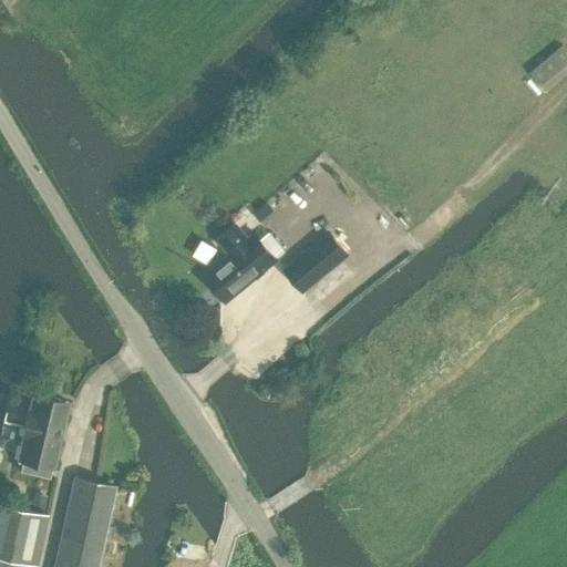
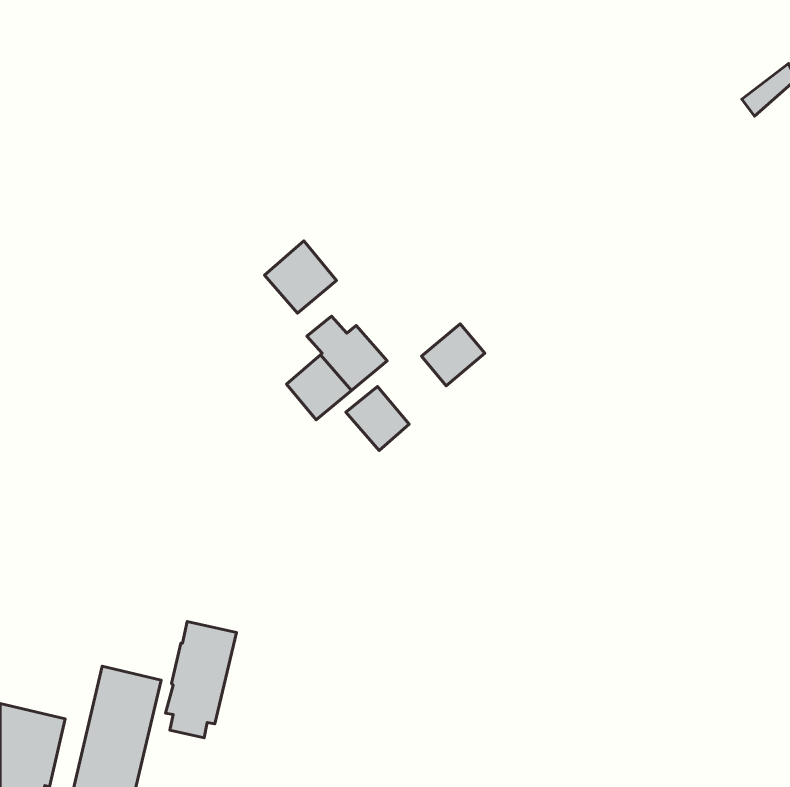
building: none -> [264,241,336,313]
building: none -> [346,386,409,450]
building: [18,396,69,480] -> [165,622,237,738]

